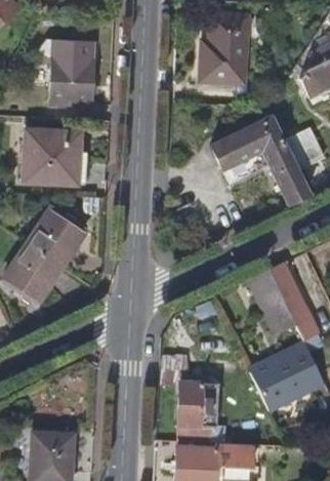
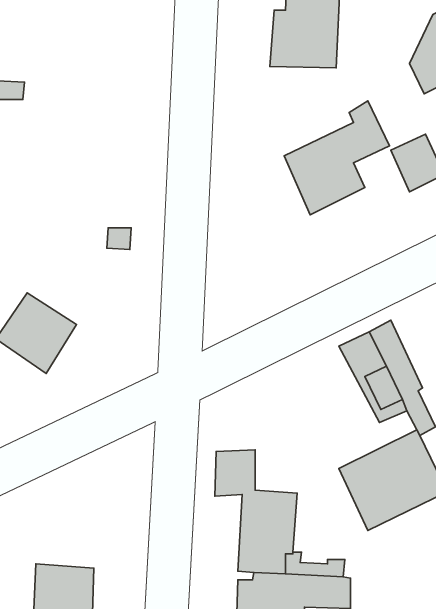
building: [52,54,96,104] -> none
building: [25,128,79,182] -> none
building: [258,137,310,205] -> none
building: [27,207,83,265] -> none

